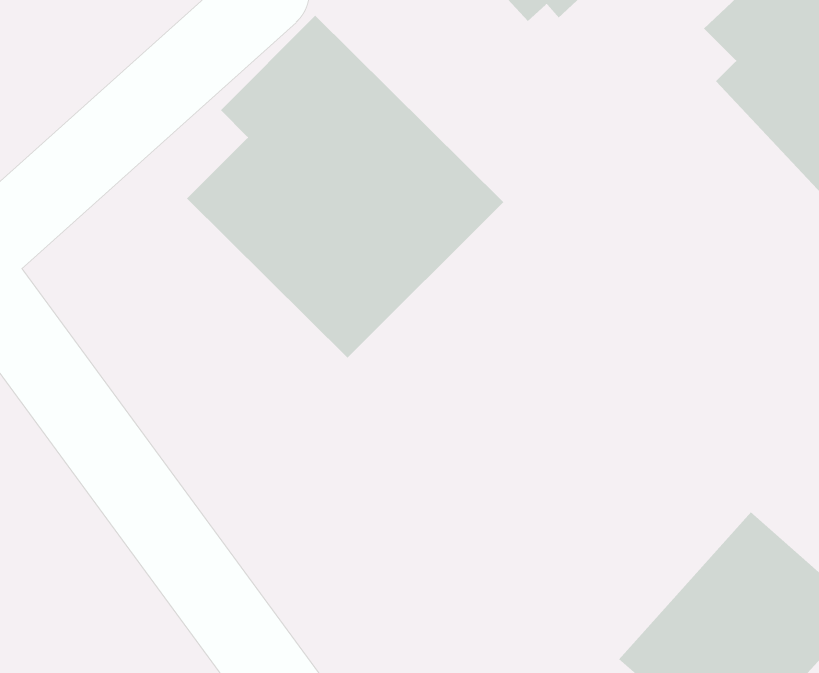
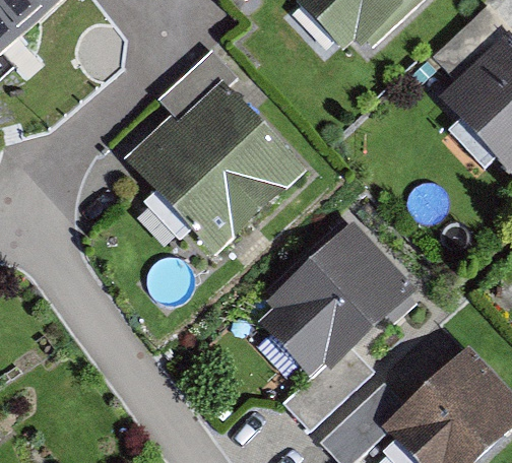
building: none -> [256,222,420,385]

